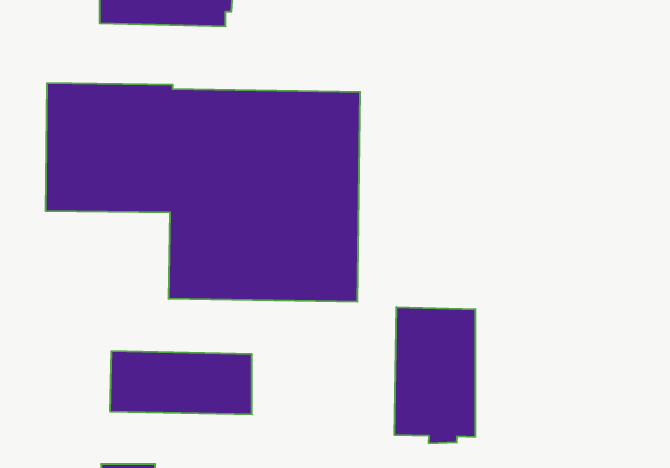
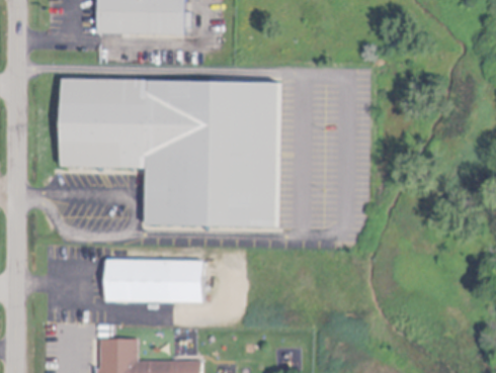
building: [394,307,475,443] -> none

